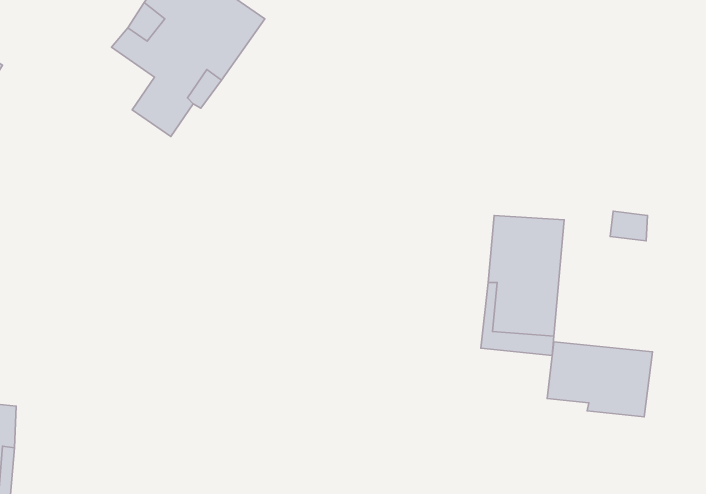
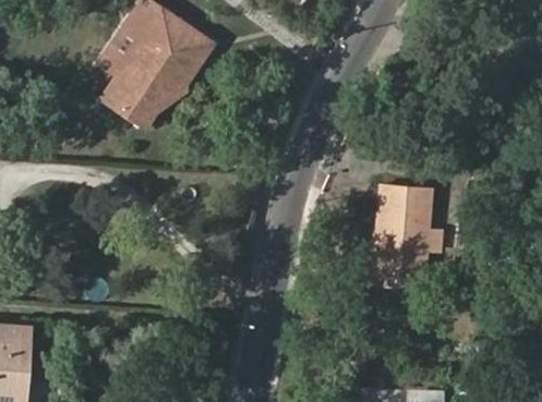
building: [547,342,652,417] -> none

